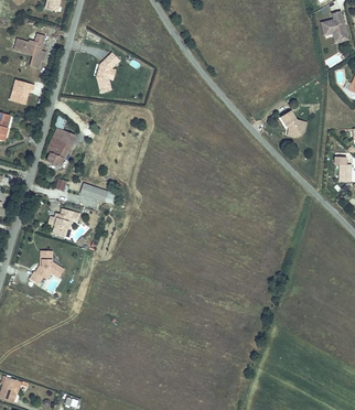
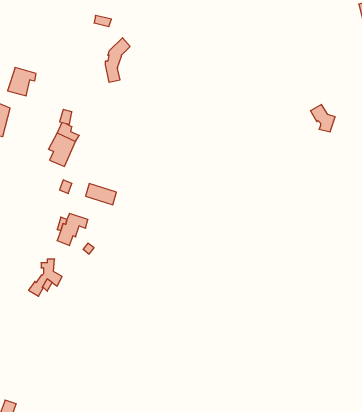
building: [13,32,45,67] -> none

